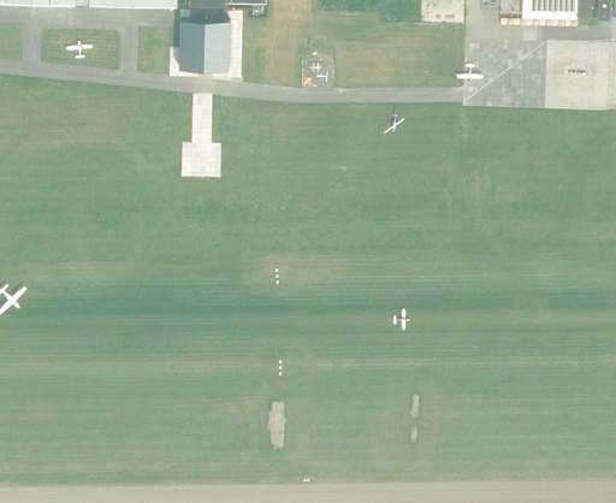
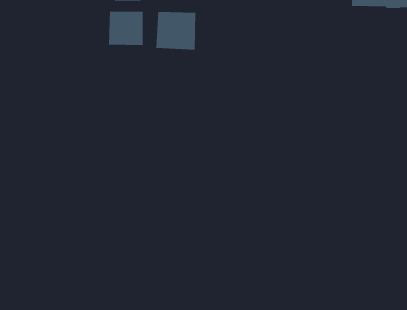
building: none -> [156,11,196,50]

